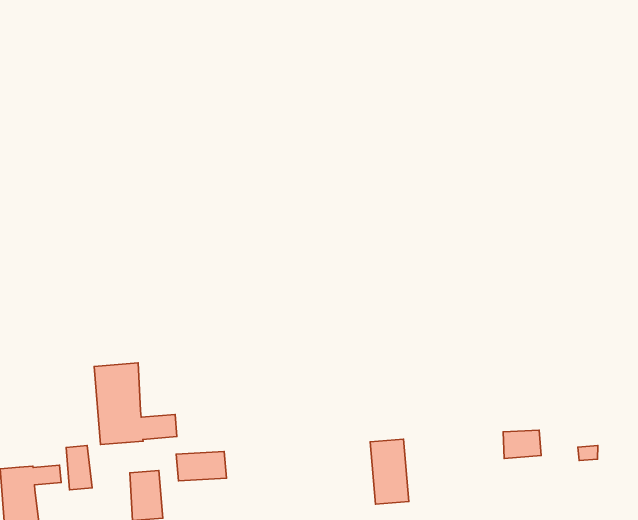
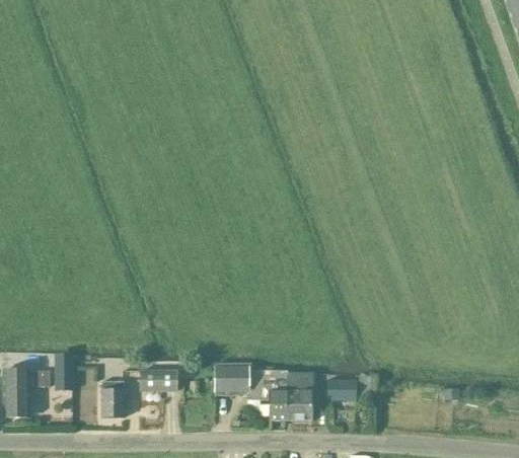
building: [94,363,177,445] -> none
building: [503,430,541,458] -> [327,379,356,399]
building: none -> [214,366,287,419]

